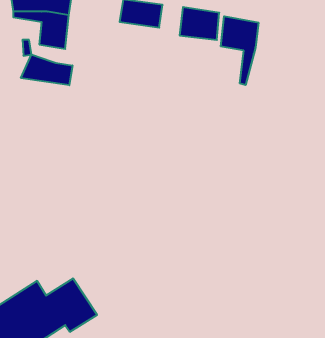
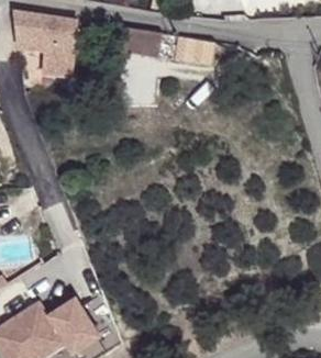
building: [221,16,258,85] -> none
building: [21,55,72,85] -> none

